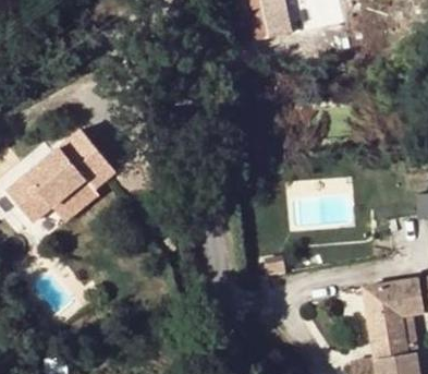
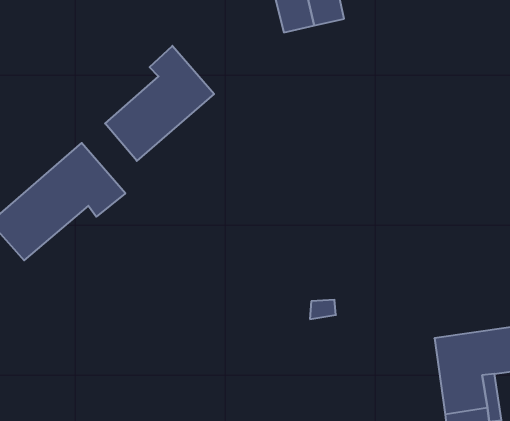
building: none -> [105,46,214,161]

